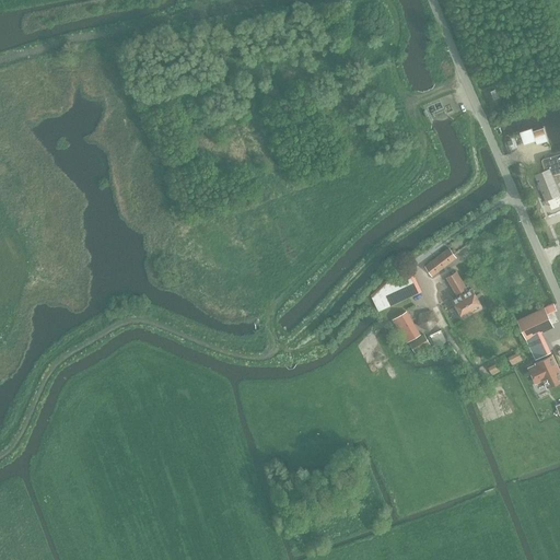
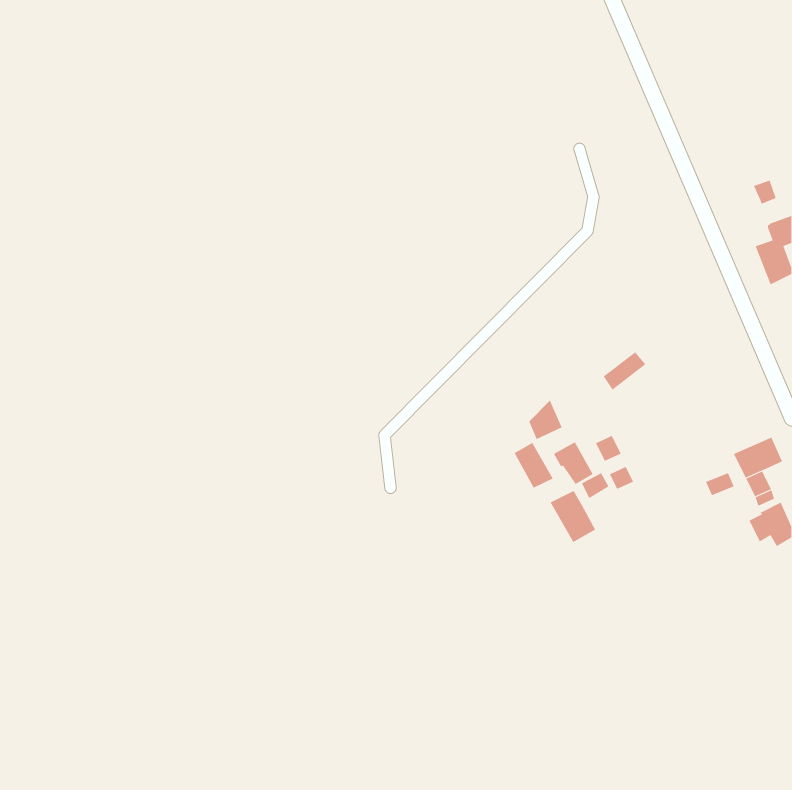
building: [447,272,482,318] -> none
building: none -> [514,442,553,489]
building: none -> [550,490,596,543]

